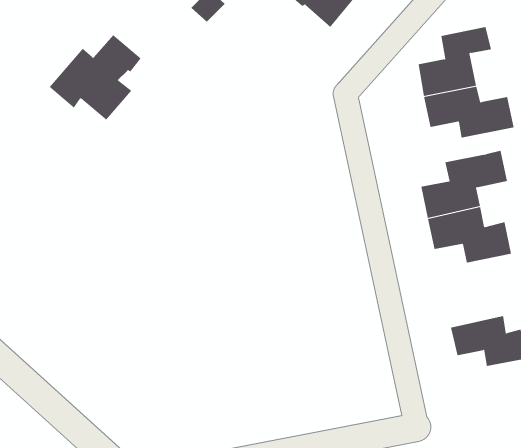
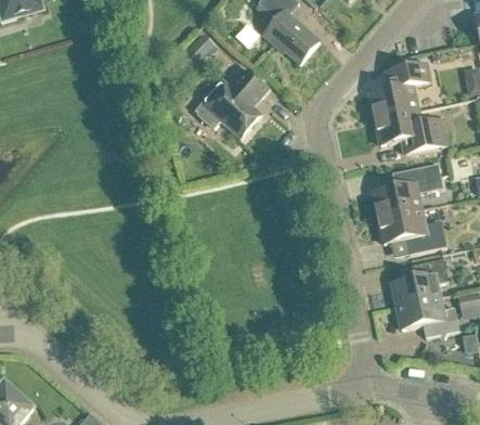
building: [49,34,141,120] -> [195,68,270,138]
building: none -> [392,258,449,306]

